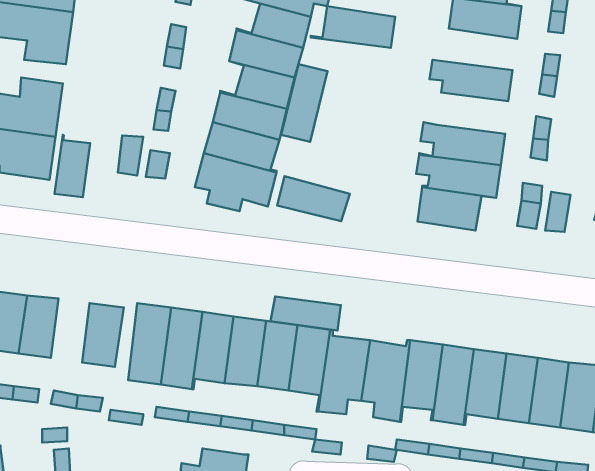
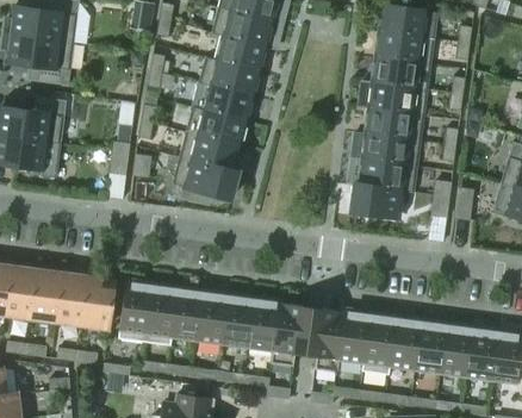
building: [311,6,395,48] -> [362,56,430,89]
building: [281,64,327,142] -> none
building: none -> [366,107,423,141]
building: [54,135,90,197] -> none
building: [277,176,350,221] -> none
building: [270,297,341,330] -> none
building: none -> [56,273,87,324]

